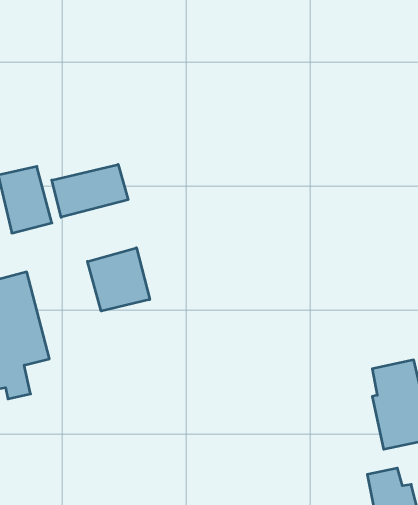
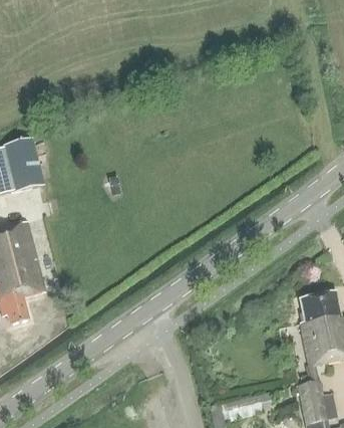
building: [52,164,128,217] -> none
building: [87,248,150,311] -> none

